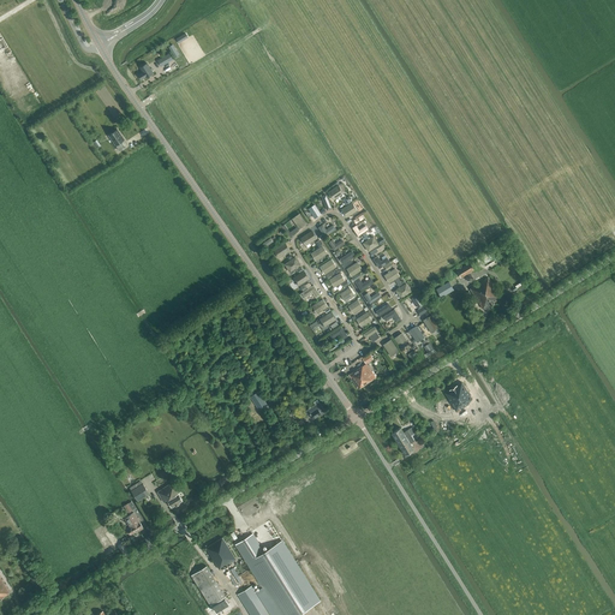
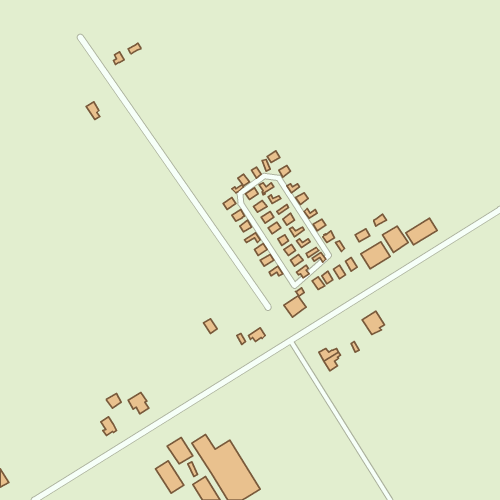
building: none -> [406,218,437,245]
building: none -> [361,242,390,269]

